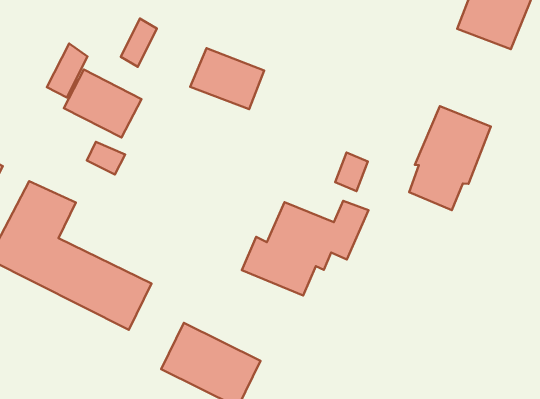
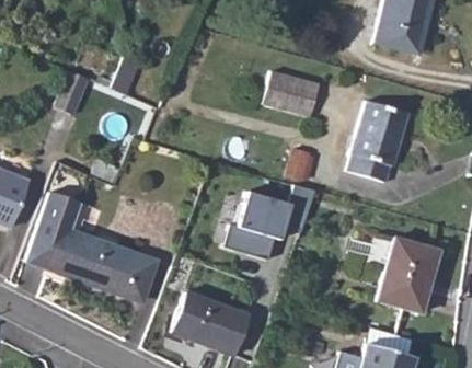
building: [190,48,264,109] -> [263,69,320,114]
building: [64,70,141,138] -> none
building: none -> [373,238,436,313]

